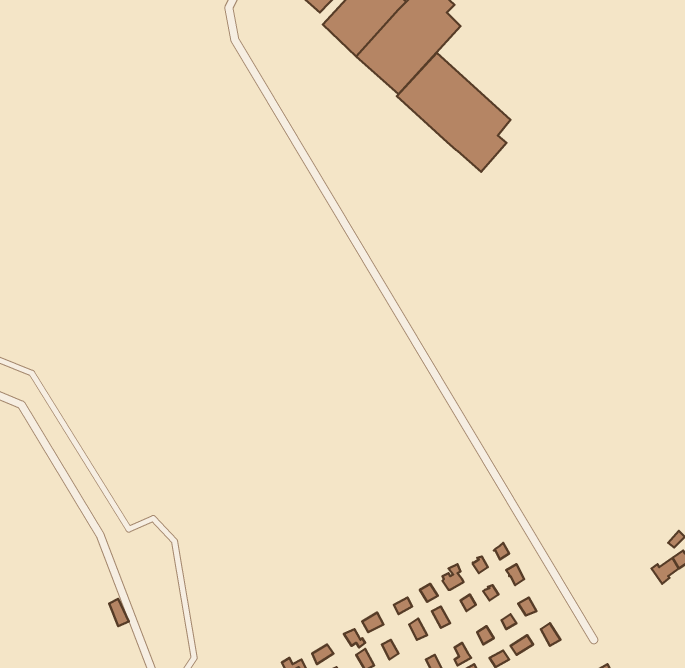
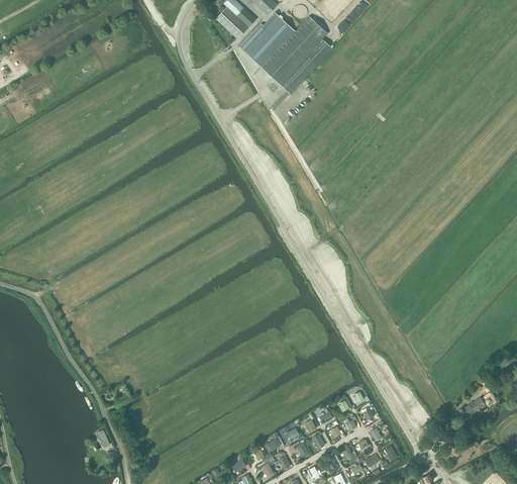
building: [397,53,510,172] -> none

